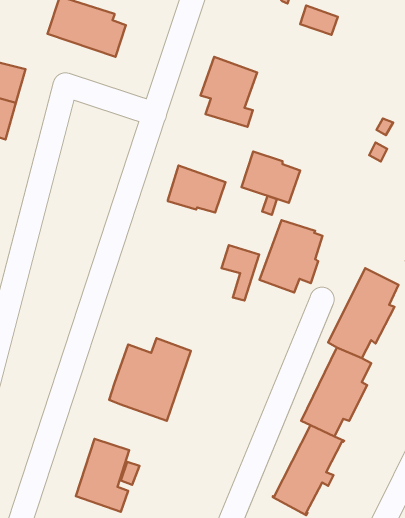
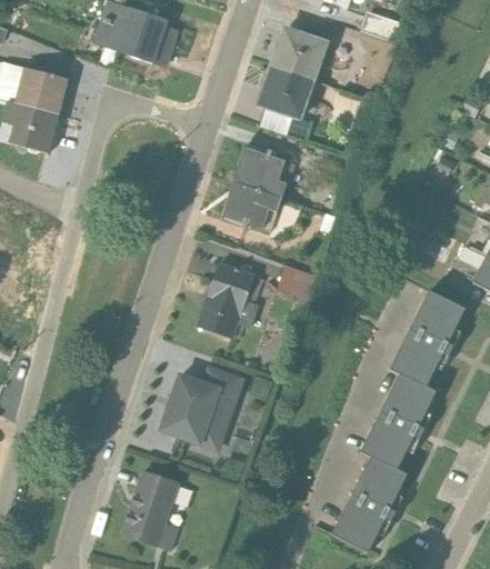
building: none -> [269,24,329,81]
building: [242,152,300,203] -> [231,142,293,197]
building: [260,220,323,293] -> [196,261,262,338]

